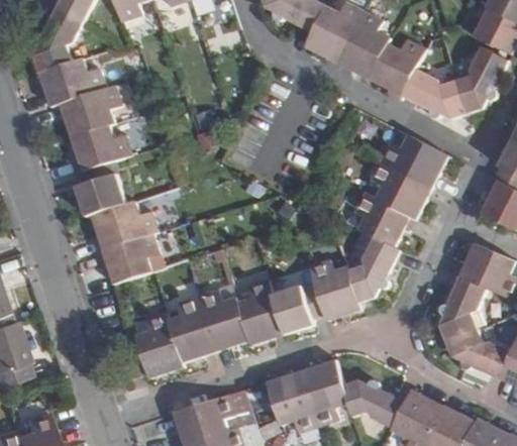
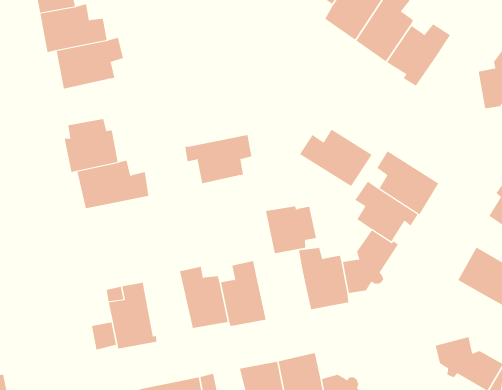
building: [401,68,466,118] -> none
building: [69,125,134,173] -> none
building: [379,135,447,188] -> [299,129,372,187]
building: [97,232,162,284] -> [184,134,252,184]
building: [437,276,485,340] -> none
building: [271,286,322,334] -> [265,206,317,254]
building: [167,298,215,361] -> none

